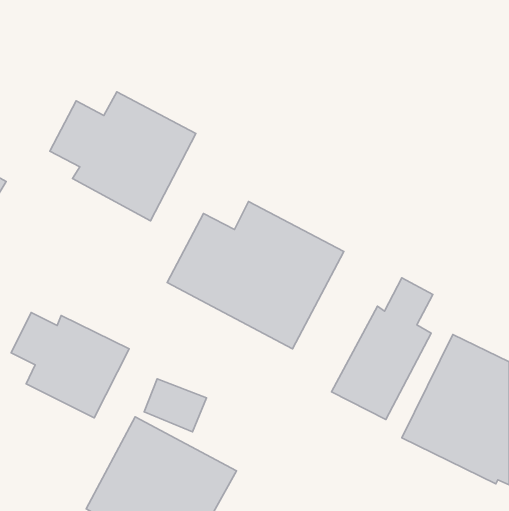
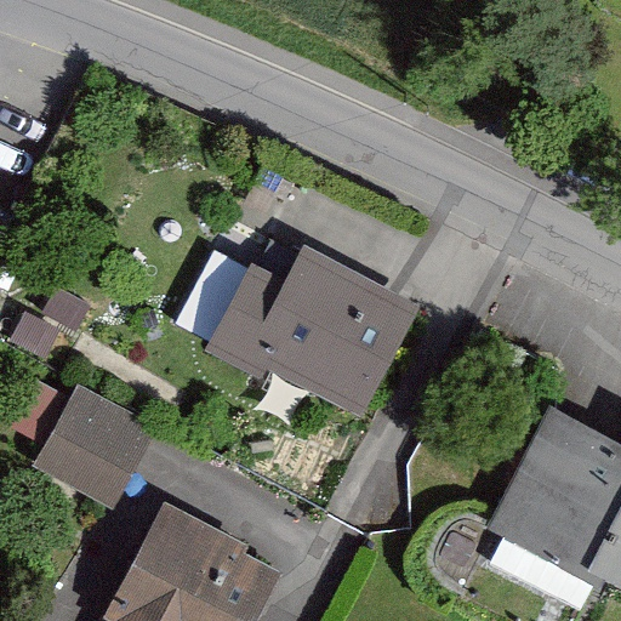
building: [50,92,196,221] -> none
building: [332,278,433,420] -> none

